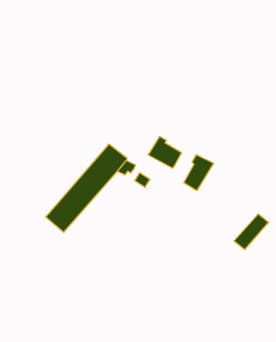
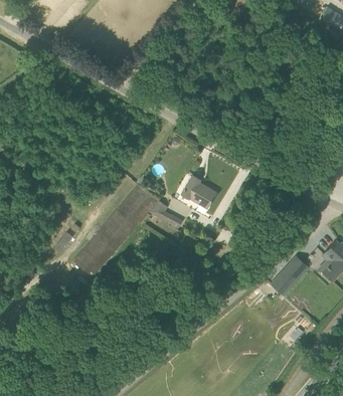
building: [184,155,213,190] -> none

